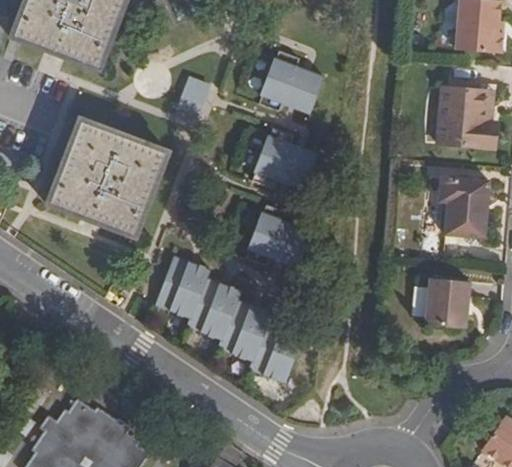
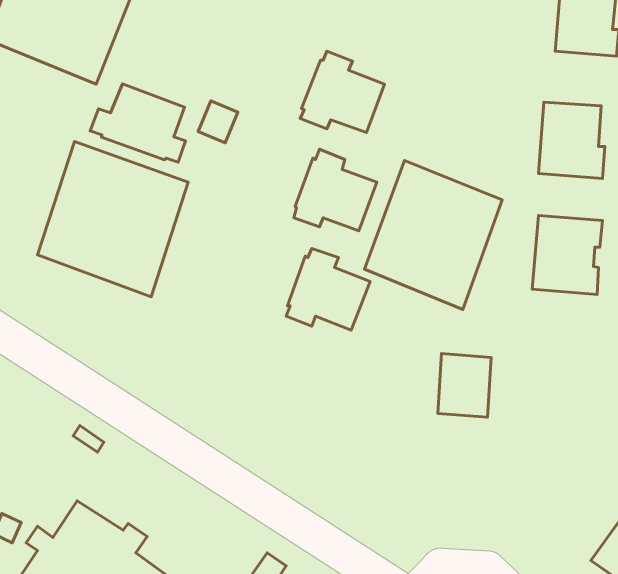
building: none -> [90,84,186,162]
building: none -> [364,160,502,309]
building: [153,252,302,381] -> none
building: [429,279,471,329] -> [438,354,491,417]

